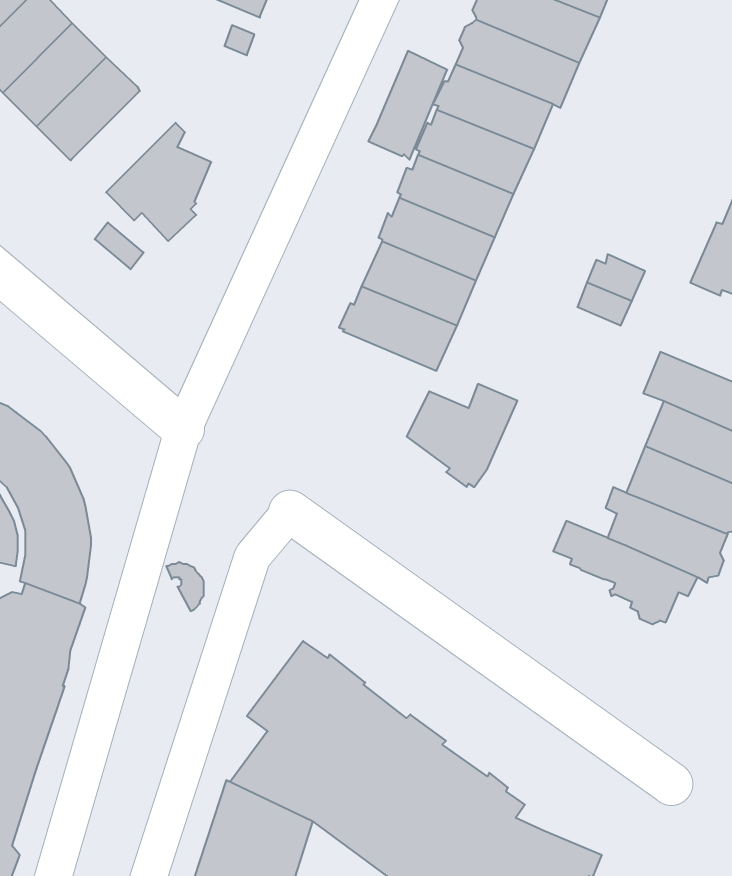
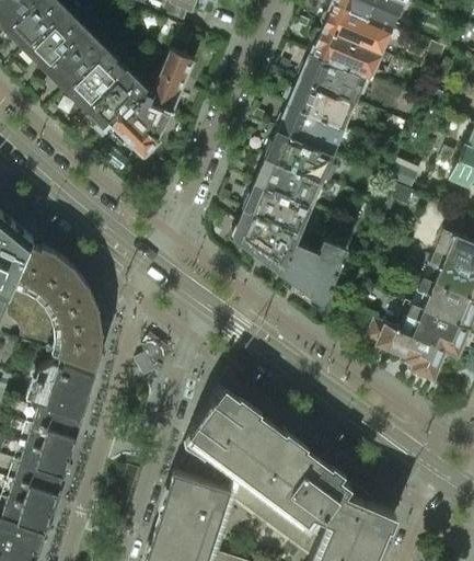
building: [368,51,447,160] -> [149,49,195,113]
building: none -> [88,67,148,133]
building: none -> [235,209,300,272]

